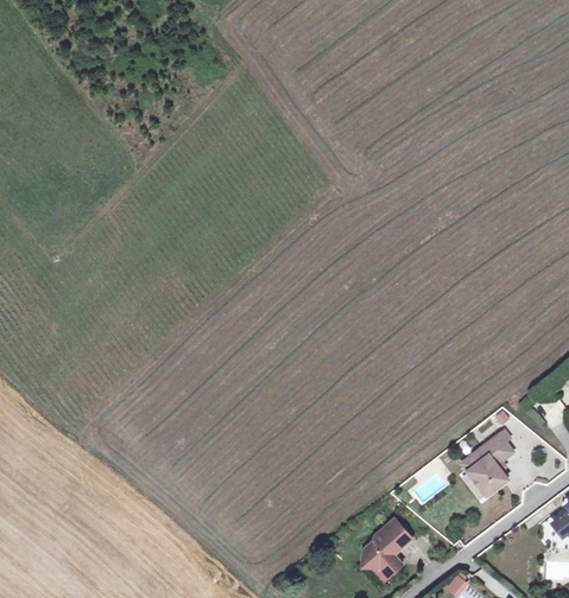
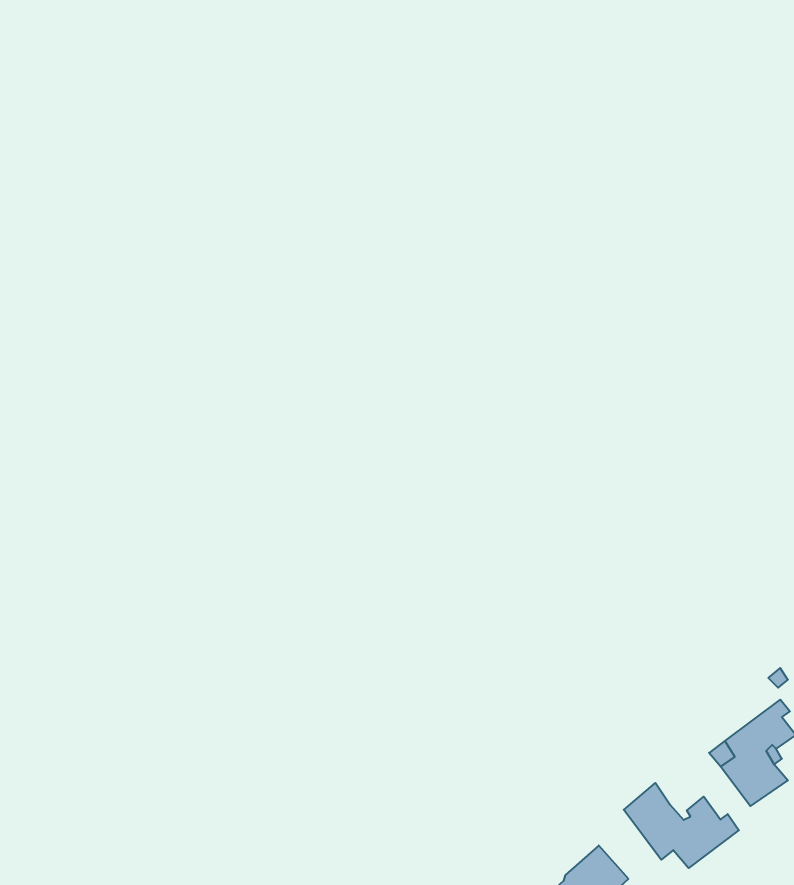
building: none -> [624,783,739,868]

